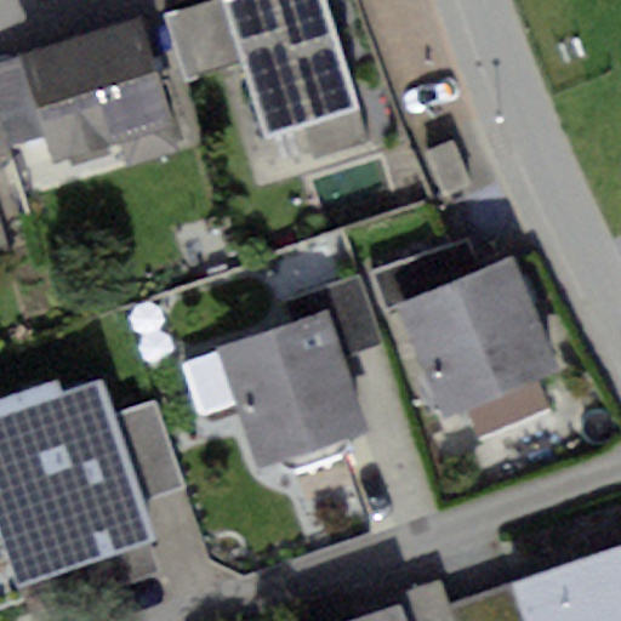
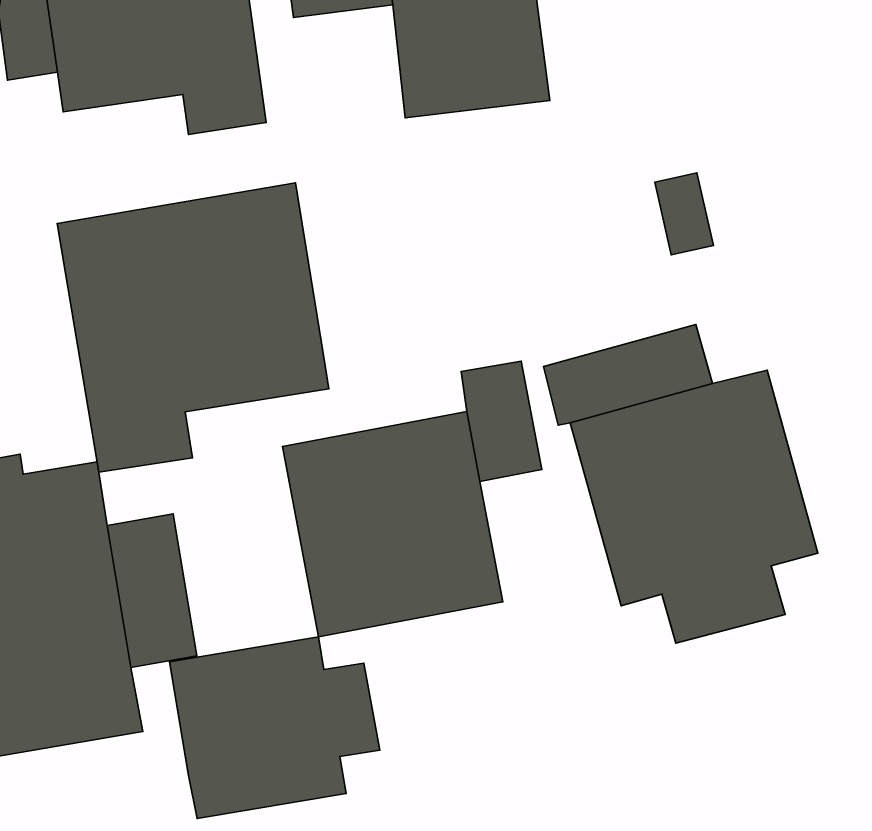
building: none -> [57,183,329,472]
building: none -> [169,637,380,819]

